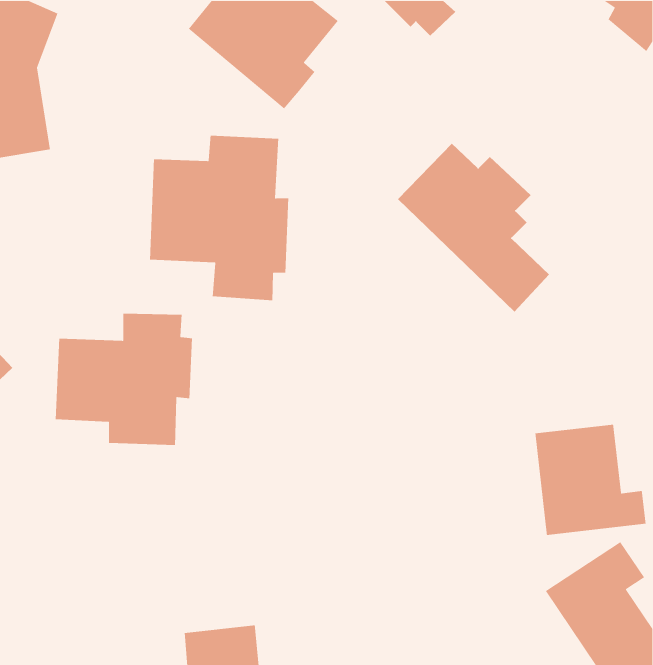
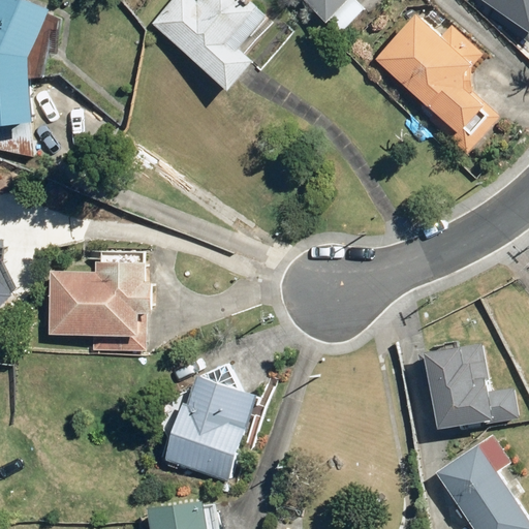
building: [149,135,289,301] -> none
building: [397,143,550,312] -> [373,14,494,149]
building: none -> [167,375,258,481]

